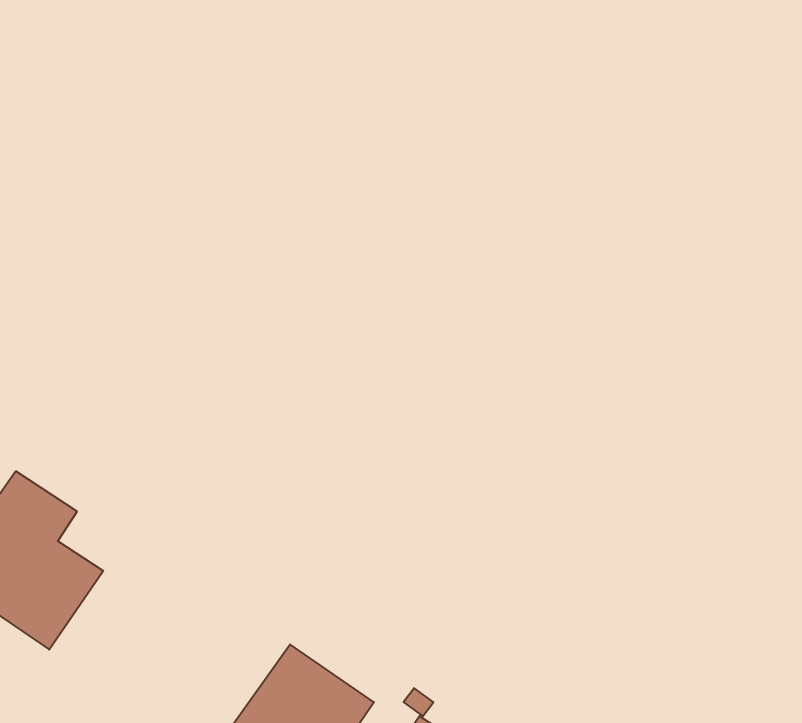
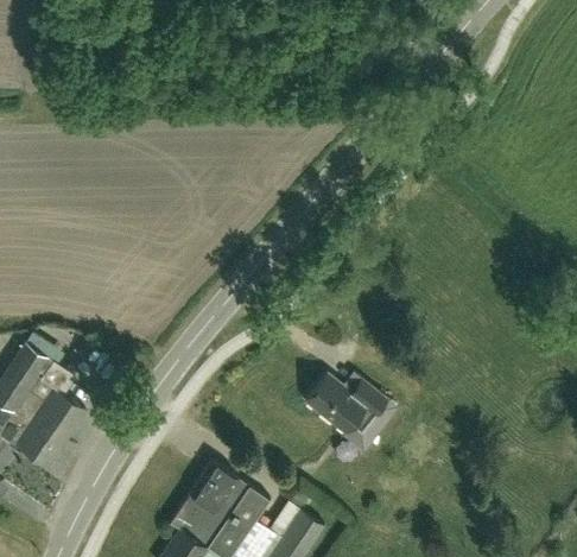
building: none -> [305,375,398,454]

